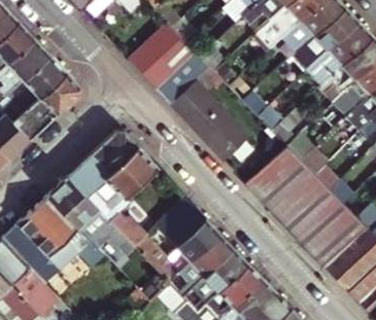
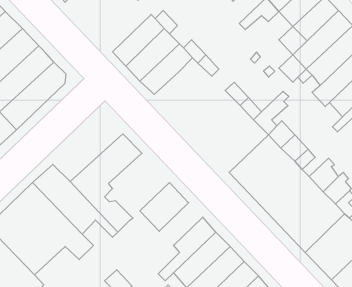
building: [170,82,249,163] -> none
building: [67,131,138,193] -> none
building: [133,215,219,280] -> none

